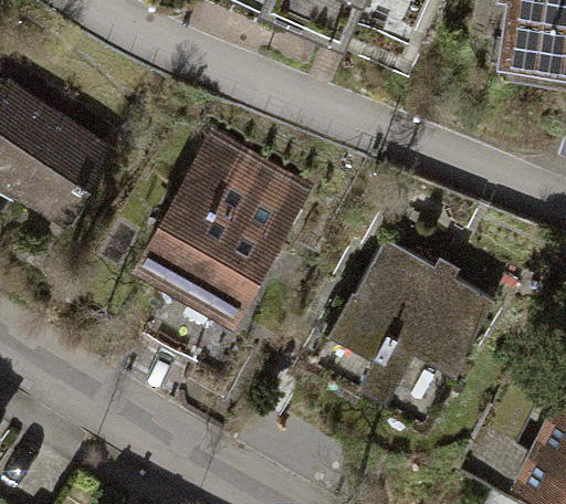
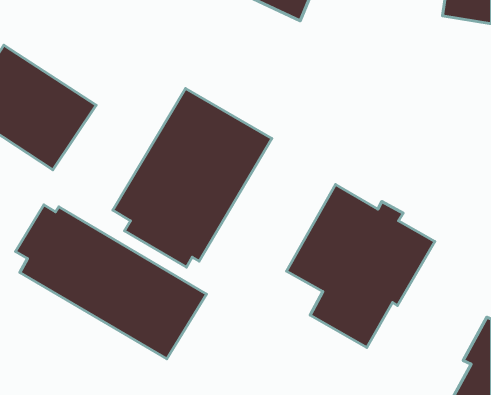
building: none -> [16,205,206,359]

